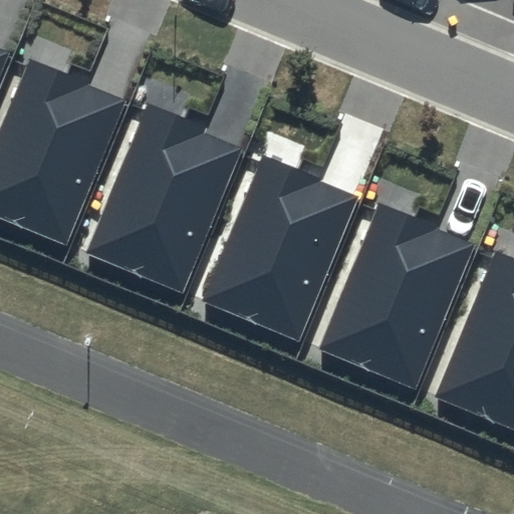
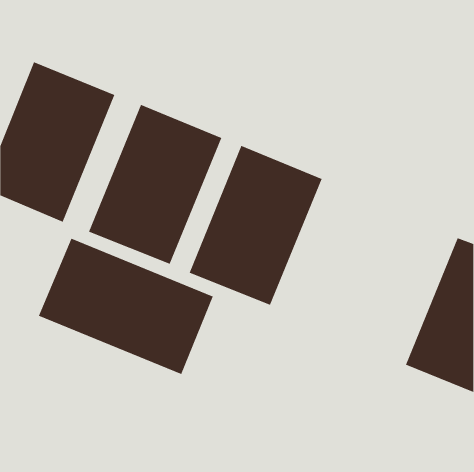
building: [323,215,468,388] -> none
building: none -> [38,238,214,375]

